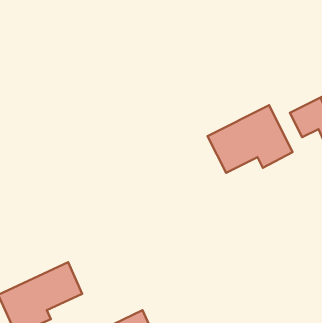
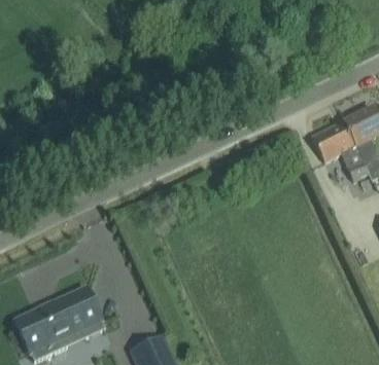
building: [207,105,293,173] -> none

